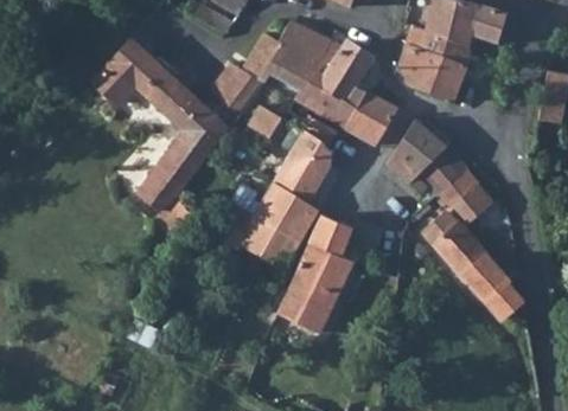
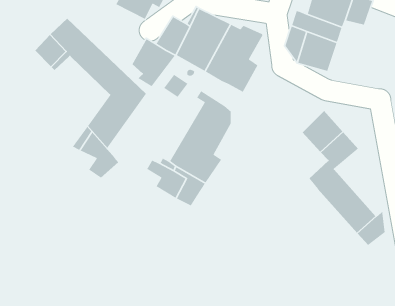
building: [347,92,398,142] -> none
building: [389,121,447,180] -> none
building: [276,214,352,333] -> none

